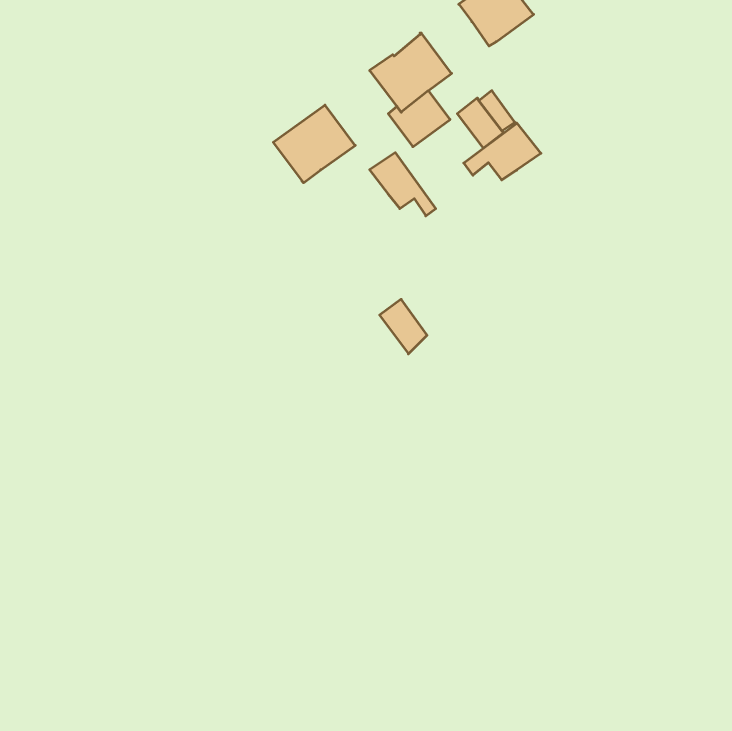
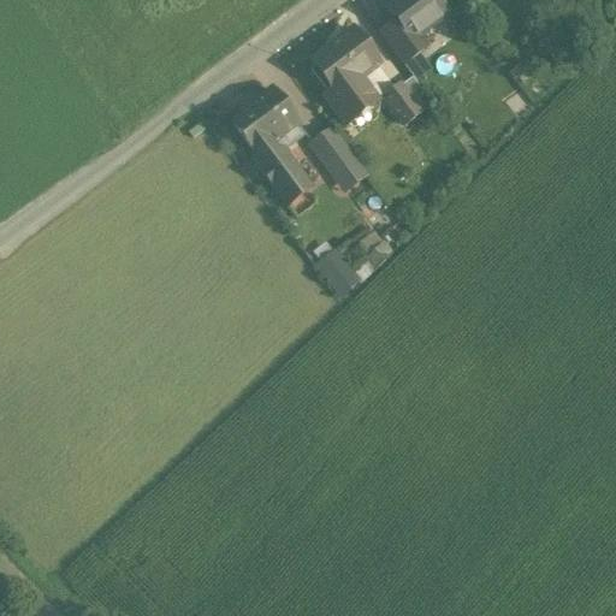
building: none -> [380,18,427,64]
building: [464,123,541,180] -> none
building: none -> [254,142,312,205]

